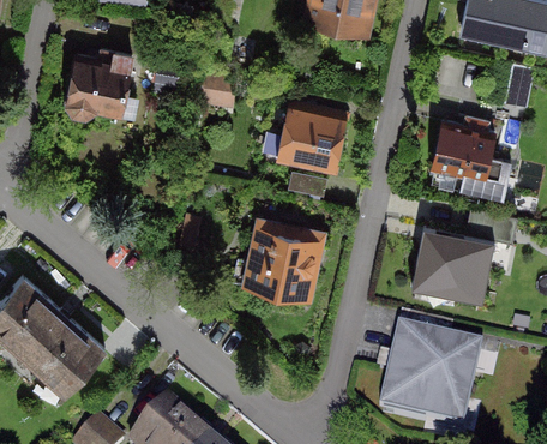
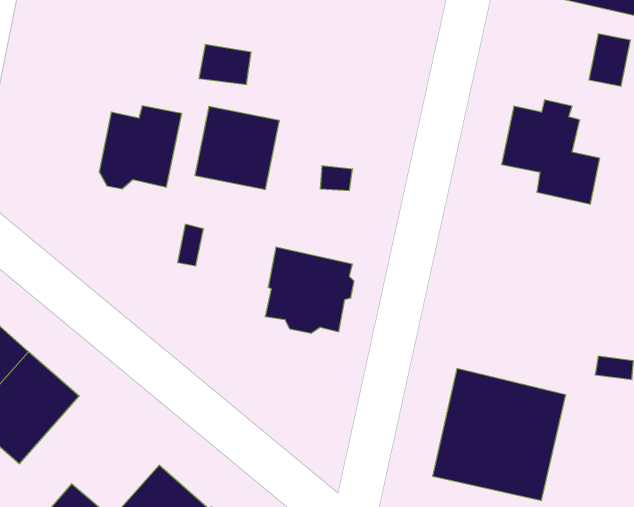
building: [67,50,132,115] -> [99,106,182,189]
building: [278,103,344,168] -> [195,107,279,189]
building: [417,230,483,295] -> none

